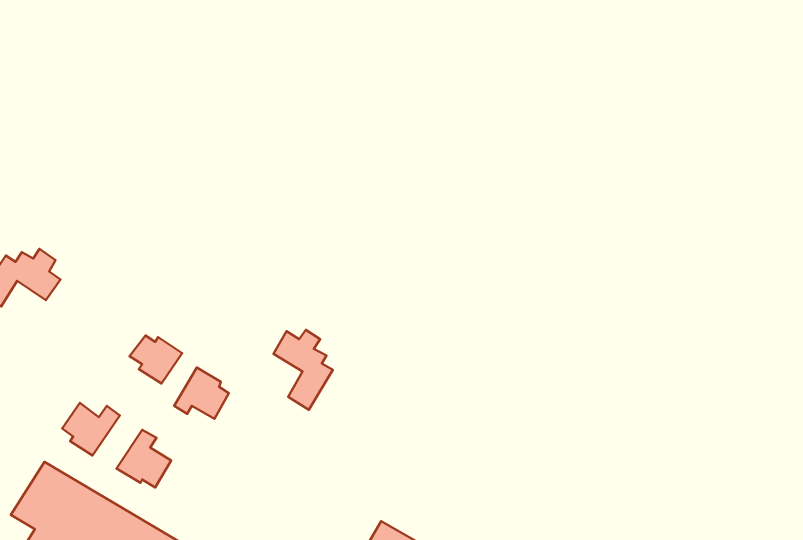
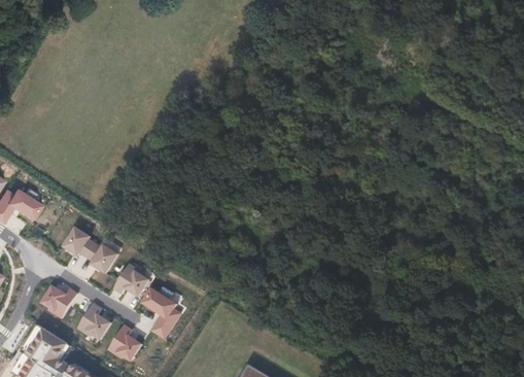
building: none -> [63,227,95,256]
building: [274,330,333,410] -> [142,287,180,339]
building: none -> [107,325,142,361]

